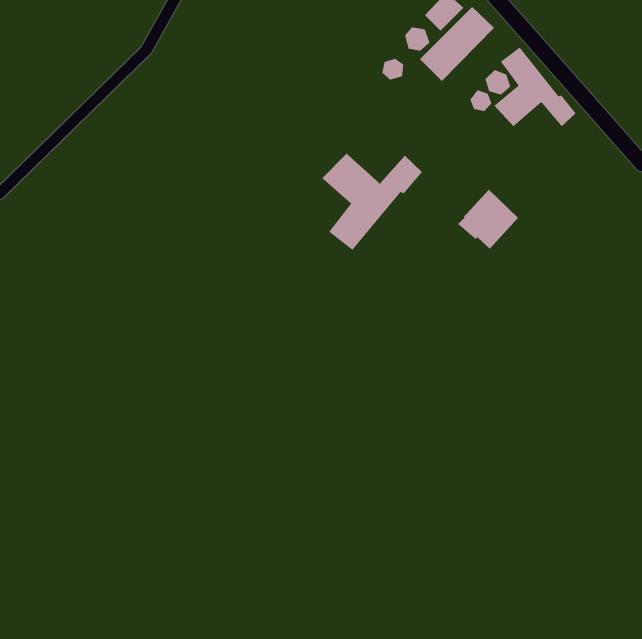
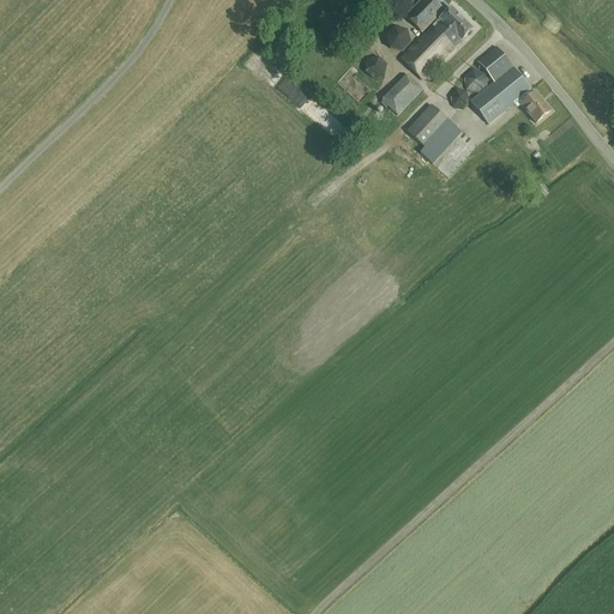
building: none -> [381,73,422,114]
building: [322,153,423,251] -> none
building: [457,189,519,249] -> [401,102,459,159]

